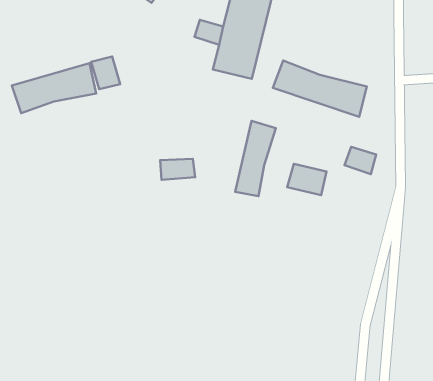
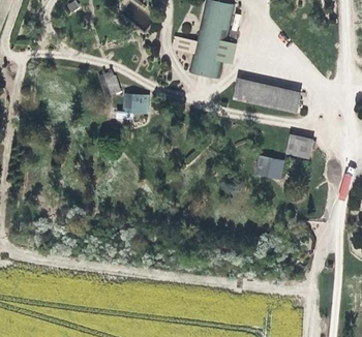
building: [12,63,96,113] -> none
building: [235,121,276,196] -> none
building: [160,159,195,180] -> [125,94,153,111]

